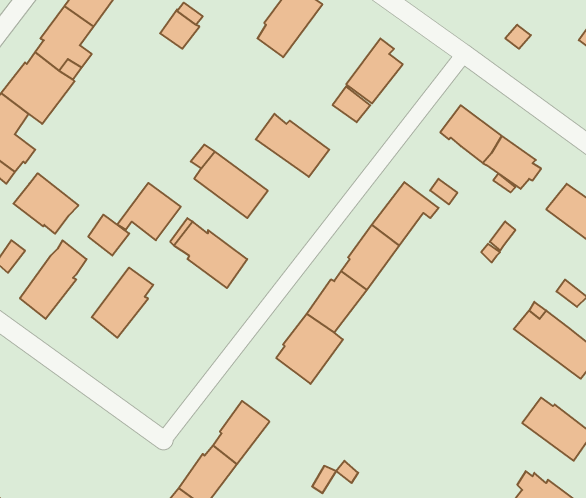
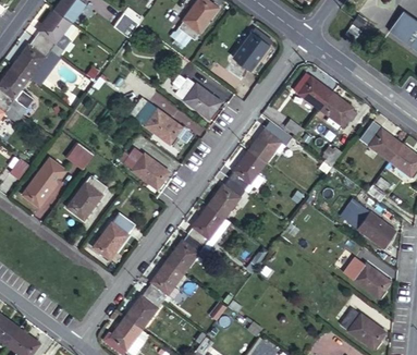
building: [13,173,78,234] -> none
building: [117,183,181,240] -> none
building: none -> [94,210,135,258]
building: none -> [167,233,210,273]

